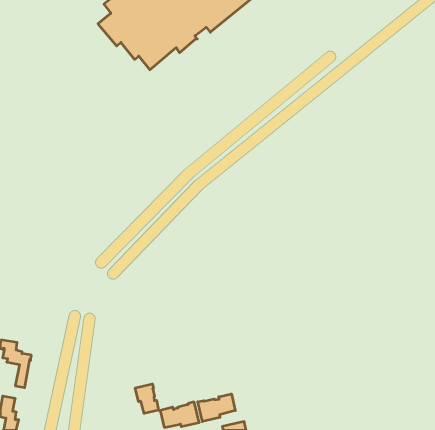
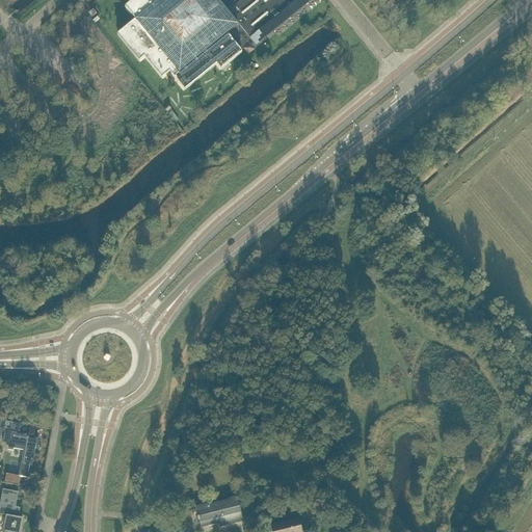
building: [135,384,159,413] -> none
building: [198,394,235,422] -> none

